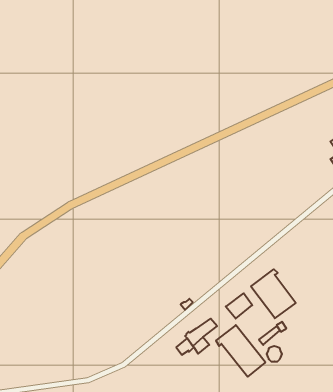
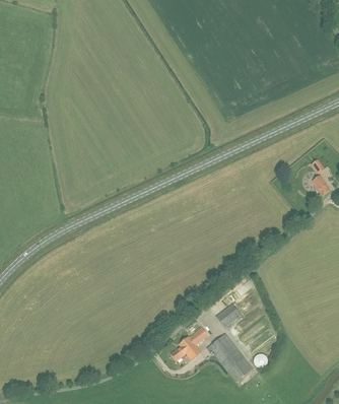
building: [251,269,296,318] -> none

